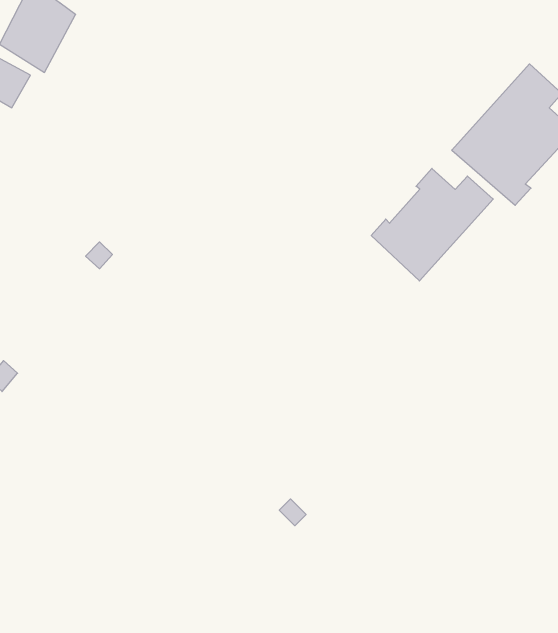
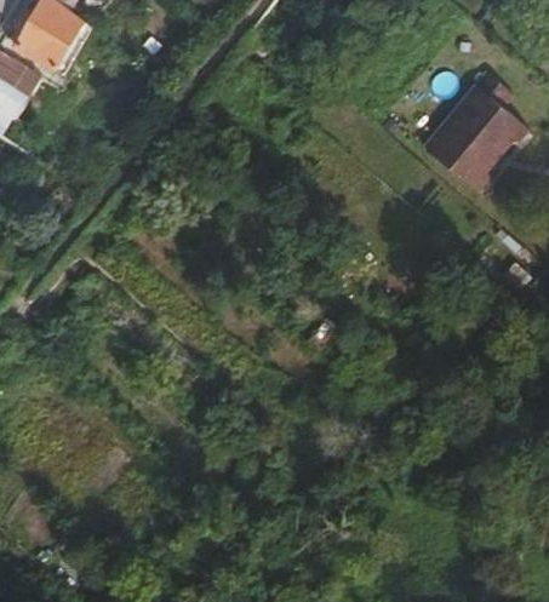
building: [371,168,493,281] -> none

